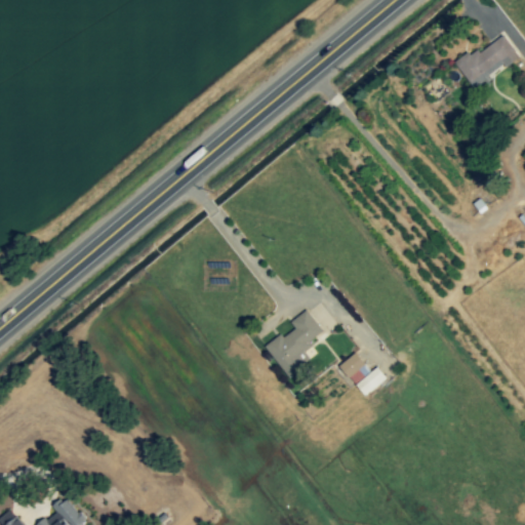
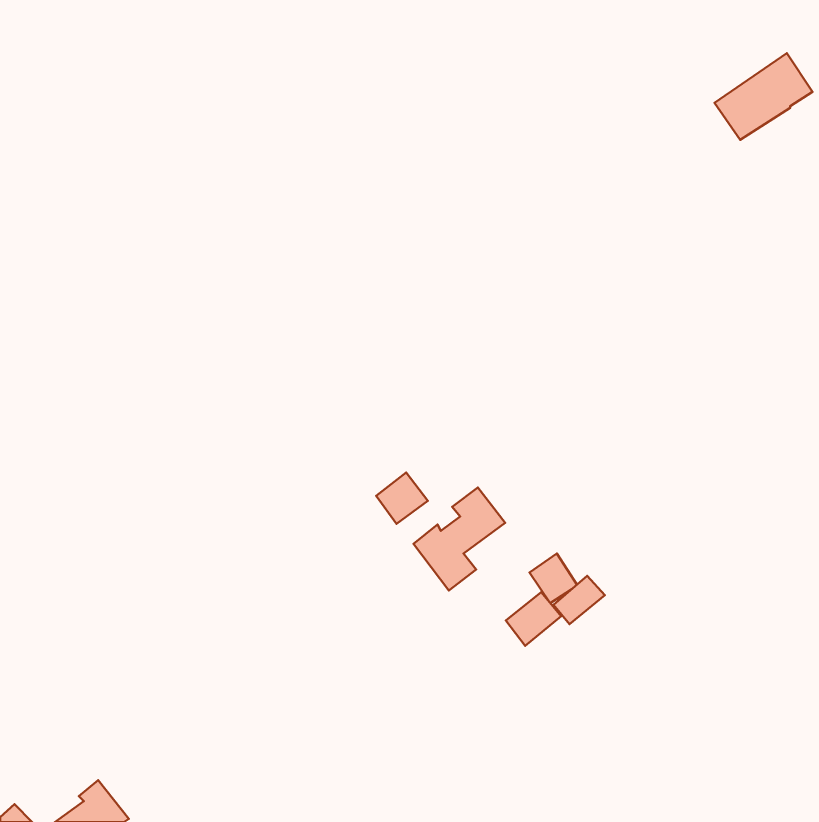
building: none -> [376,473,428,524]
building: none -> [506,592,561,646]

